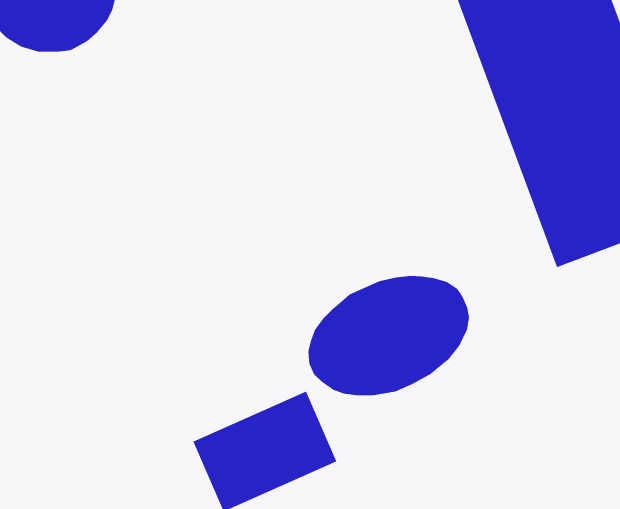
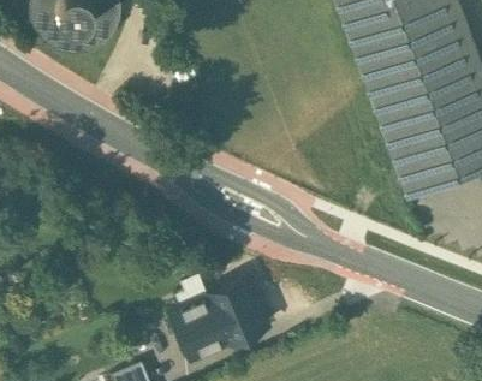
building: [308,275,470,396] -> none

